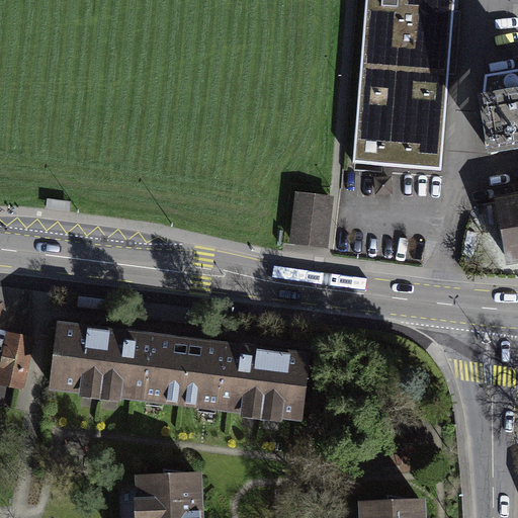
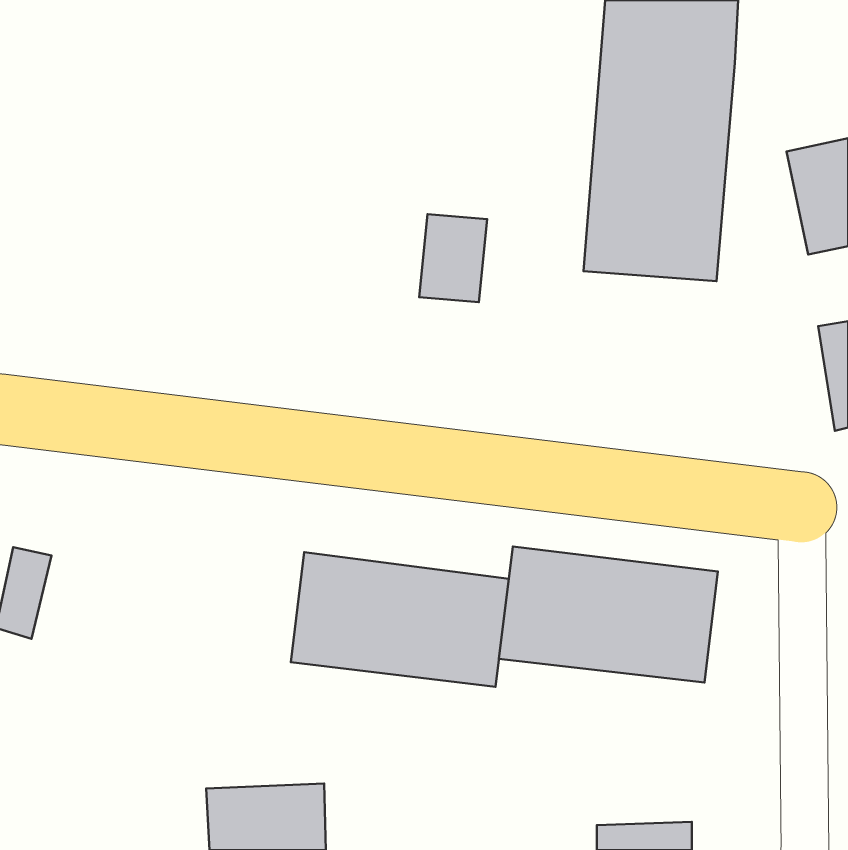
building: [289,194,331,248] -> [419,214,487,302]
building: [51,321,185,403] -> none
building: none -> [499,546,718,682]

